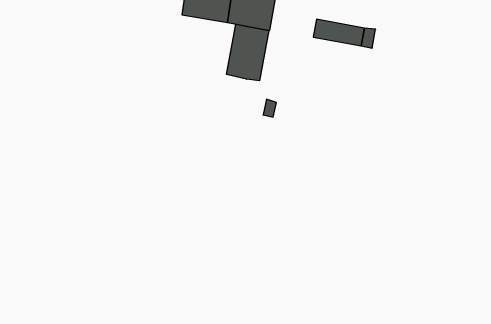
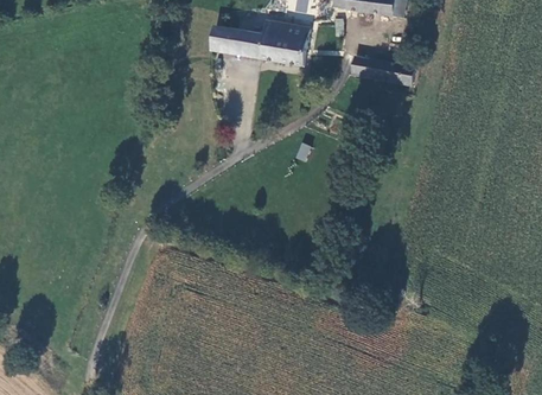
building: [227,24,269,81] -> none

